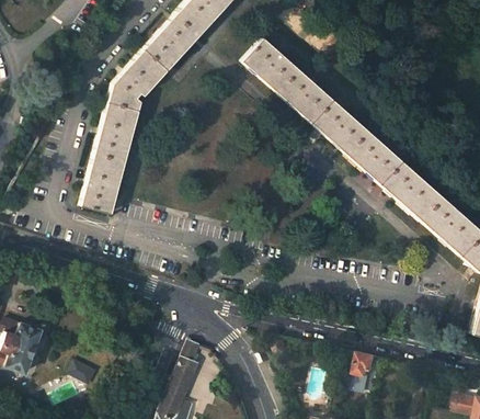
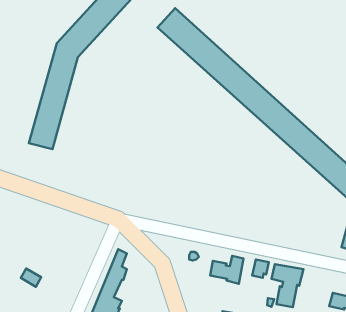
building: none -> [210,256,243,284]
building: none -> [272,264,303,307]

